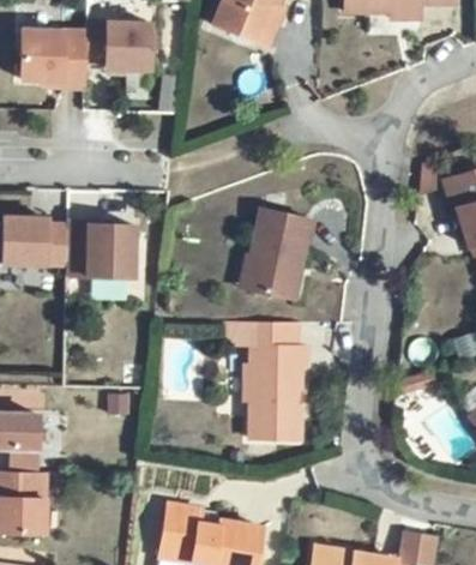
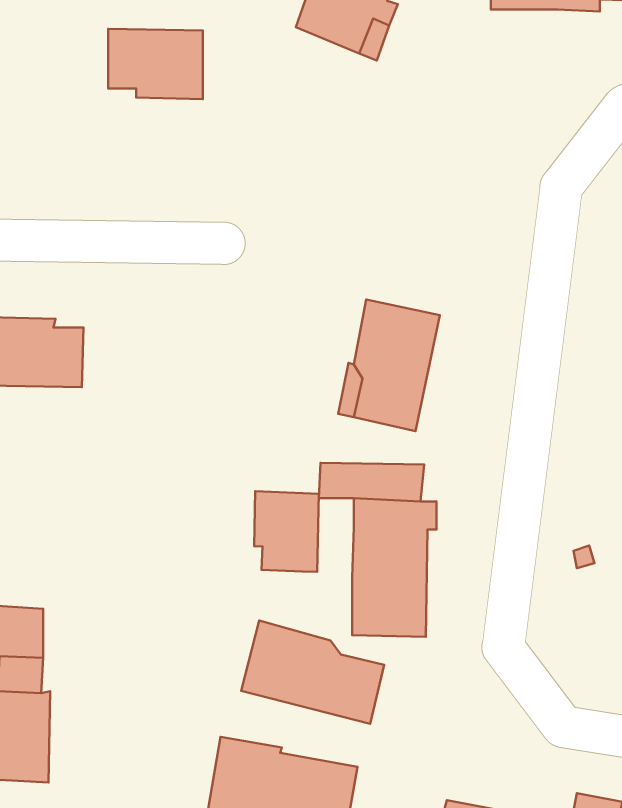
building: [19,31,84,88] -> none
building: [65,222,133,278] -> none
building: none -> [254,491,319,572]
building: none -> [241,621,384,724]

